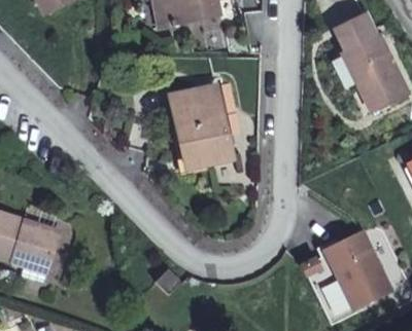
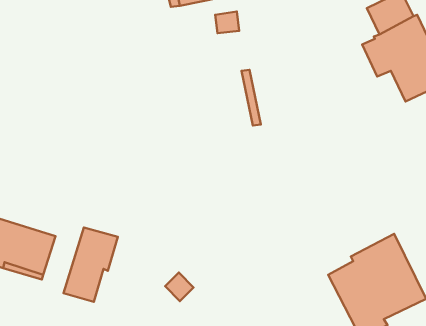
building: [173,84,234,168] -> none
building: none -> [64,228,118,302]

